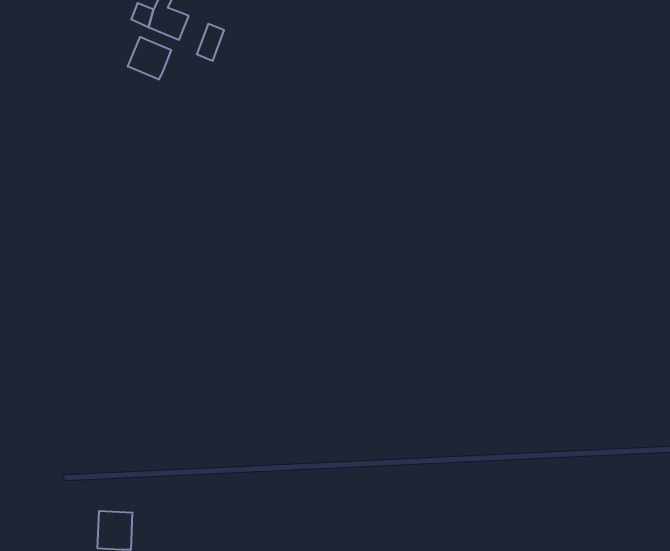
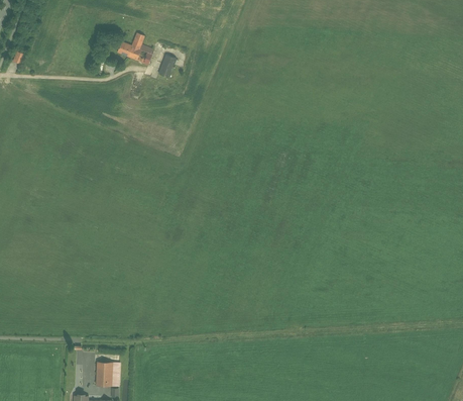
building: [128,37,171,80] -> none

